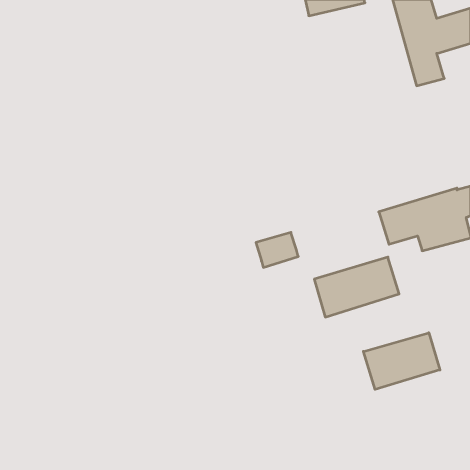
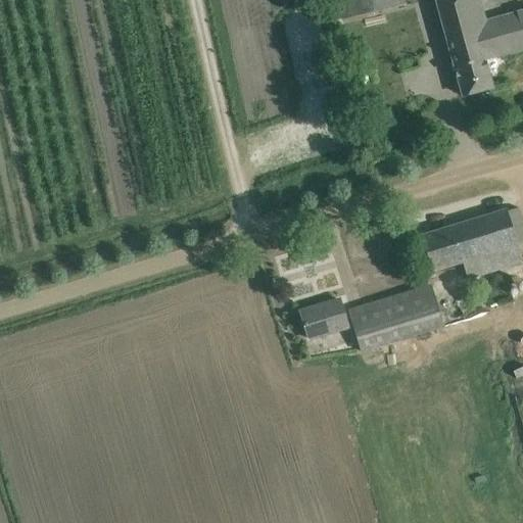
building: [256,232,298,267] -> [301,299,348,338]
building: [363,333,440,389] -> none

